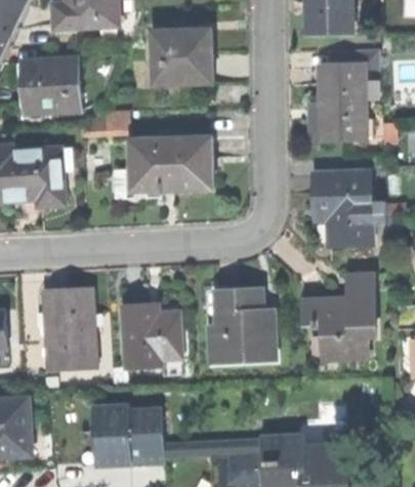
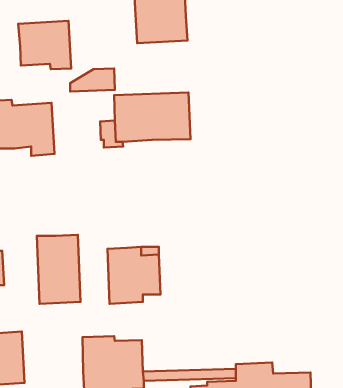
building: [319,67,363,138] -> none
building: [315,172,370,245] -> none
building: [305,275,373,359] -> none
building: [211,289,277,363] -> none

